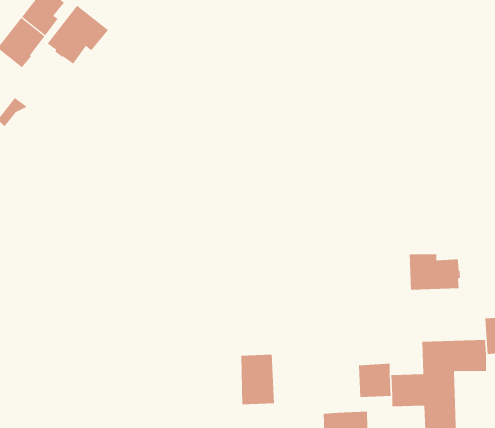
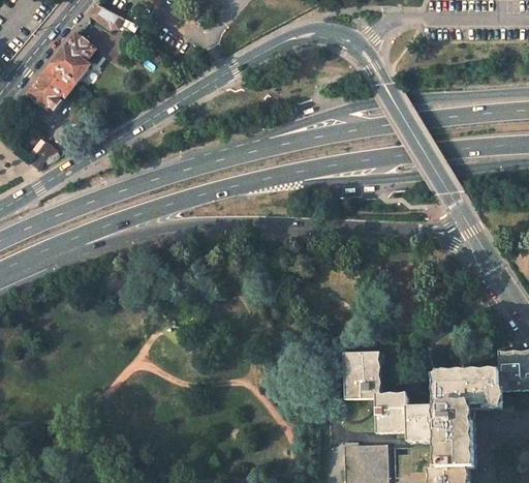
building: [47,5,109,64] -> none
building: [409,253,461,290] -> none
building: [240,354,275,405] -> [345,352,378,400]

